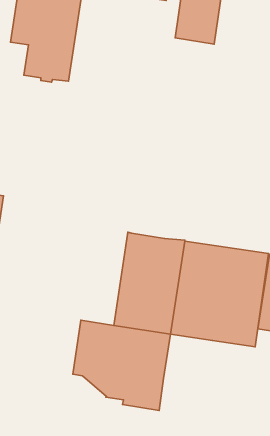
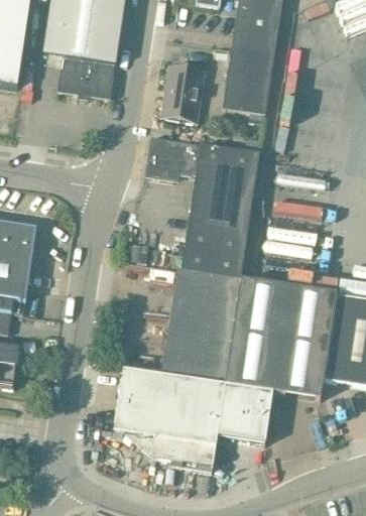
building: none -> [221,46,274,114]
building: none -> [160,61,204,117]
building: none -> [145,134,260,276]
building: none -> [217,383,272,441]

